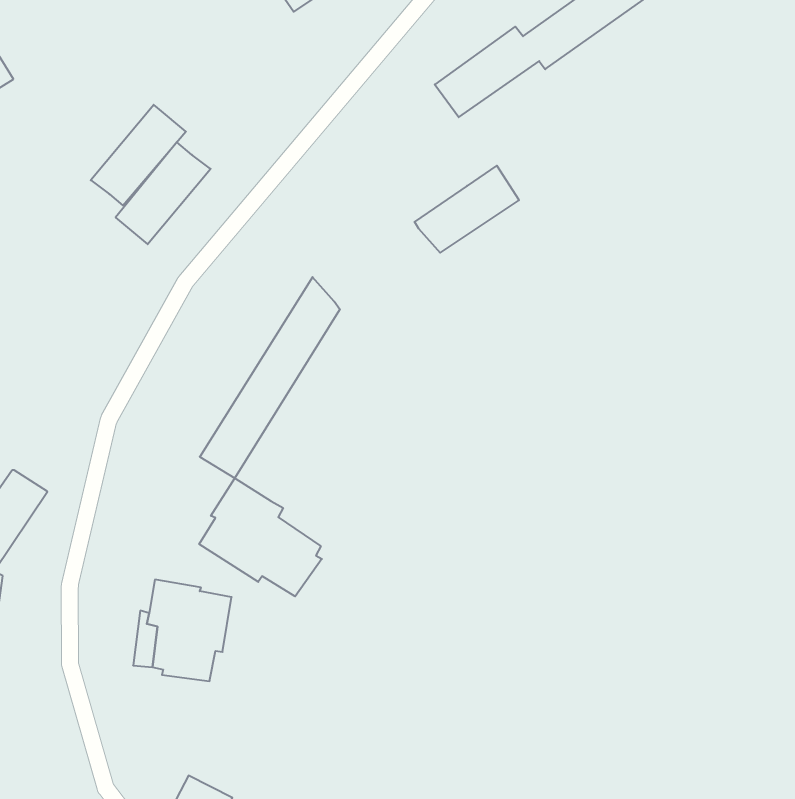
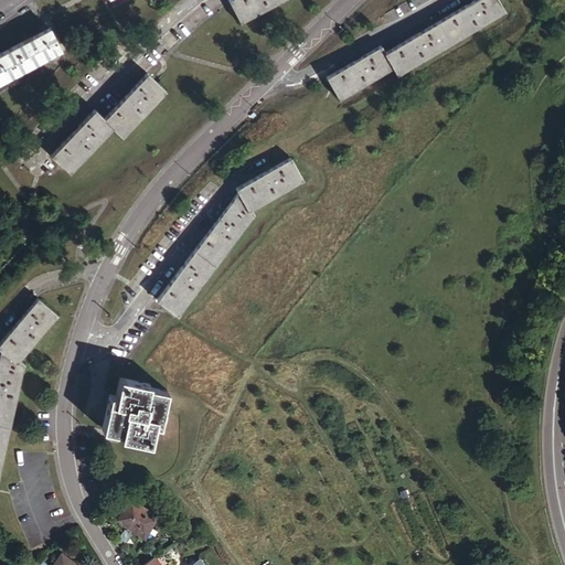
building: [116,142,211,244] -> [51,111,114,174]
building: [414,166,519,253] -> [235,159,302,211]
building: [199,478,322,596] -> none

